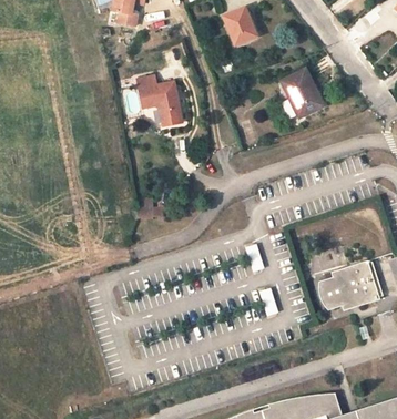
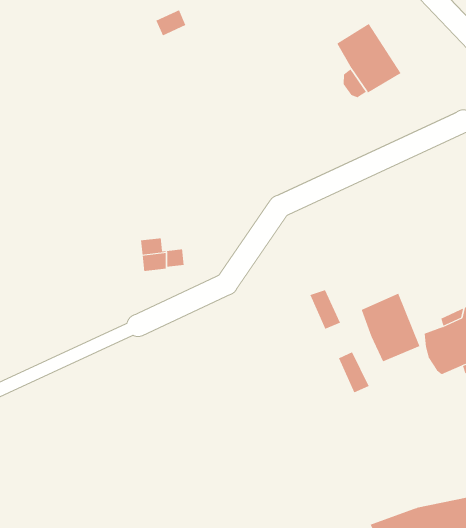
building: [138,76,181,125] -> none
building: none -> [360,293,420,362]

